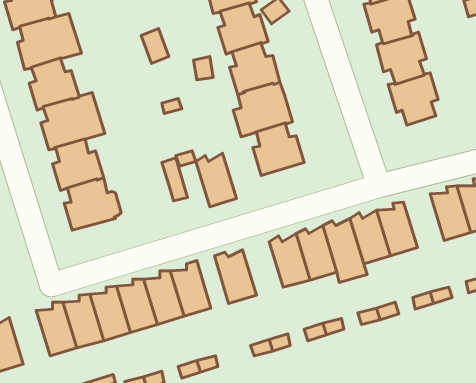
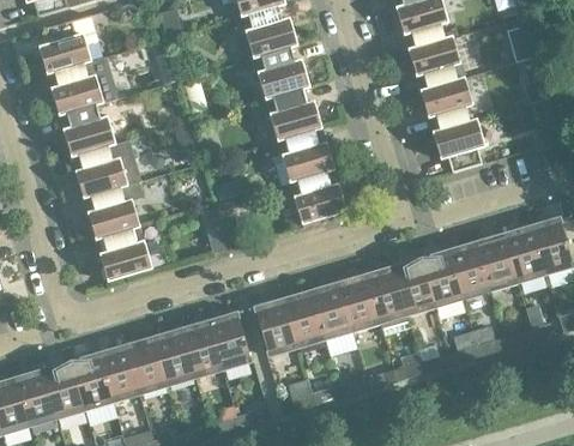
building: [196,153,237,207] -> [282,291,324,346]
building: none -> [447,242,489,297]
building: none -> [42,362,84,417]

